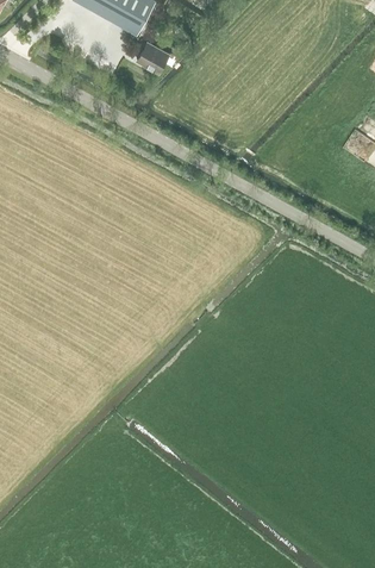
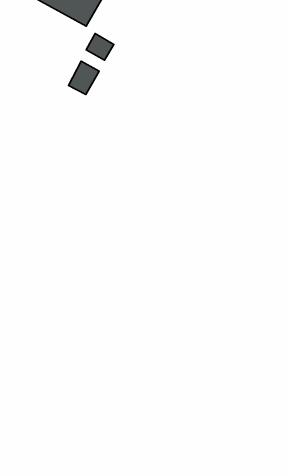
building: none -> [68,61,99,95]

